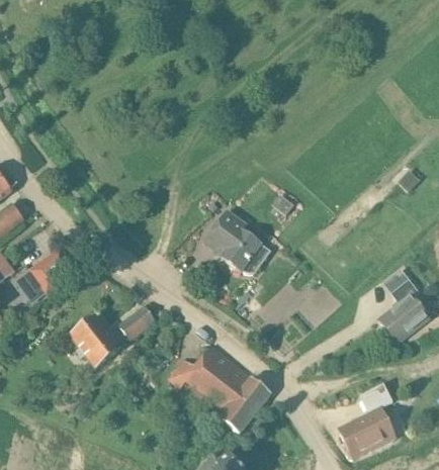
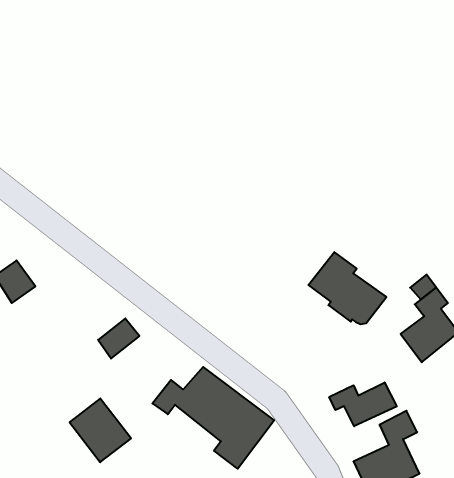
building: [204,210,271,272] -> [308,252,386,324]
building: [70,313,122,368] -> [70,398,131,462]
building: none -> [329,382,397,426]

